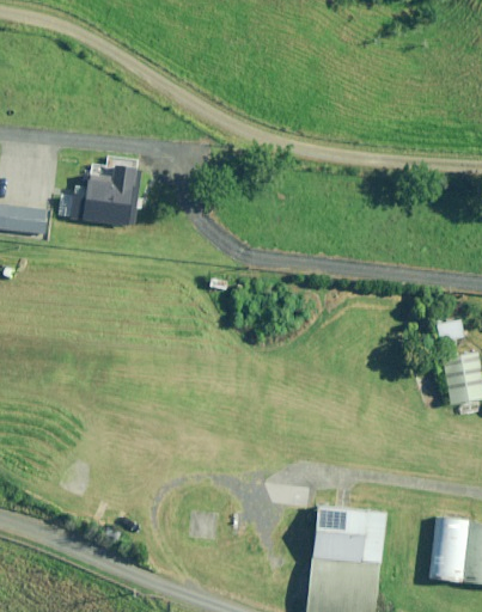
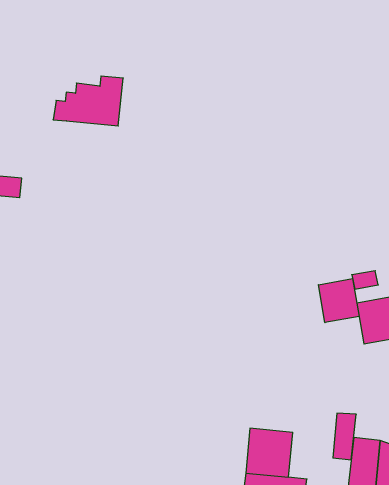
building: [59,167,141,226] -> [53,76,123,126]
building: none -> [318,279,359,323]
building: [360,510,388,565] -> [333,413,356,460]

